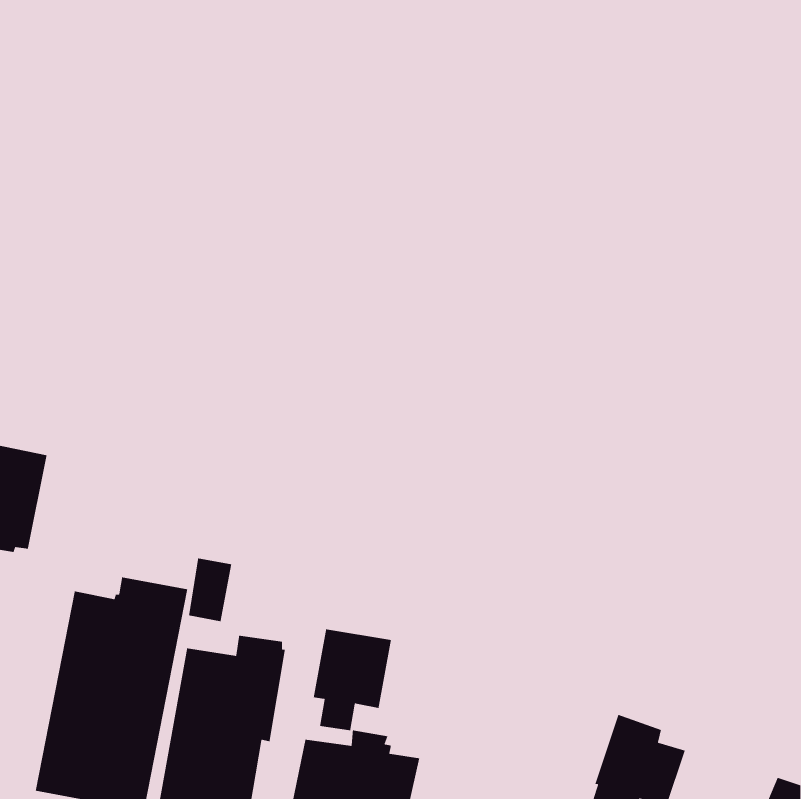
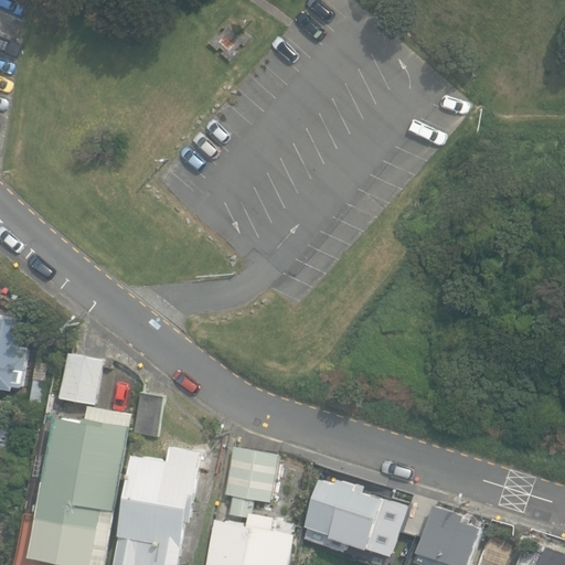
building: none -> [56,355,103,407]
building: none -> [305,480,382,550]

